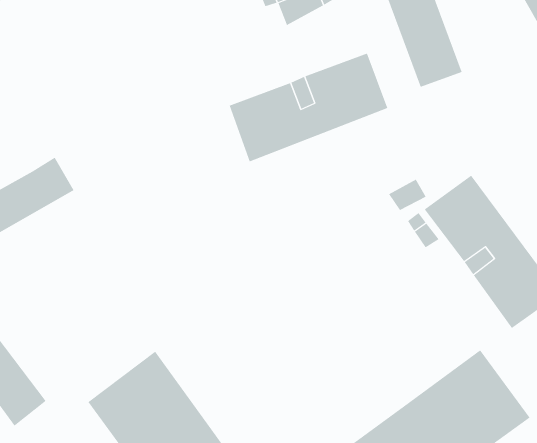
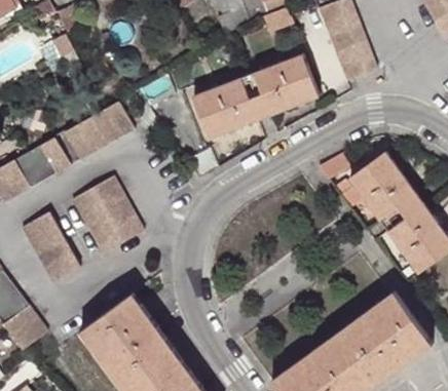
building: none -> [64,101,133,158]
building: none -> [73,174,144,252]
building: none -> [21,211,78,282]

